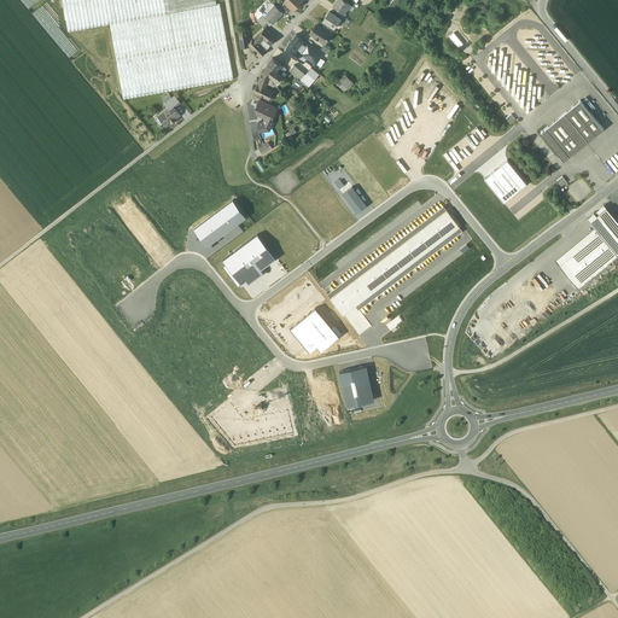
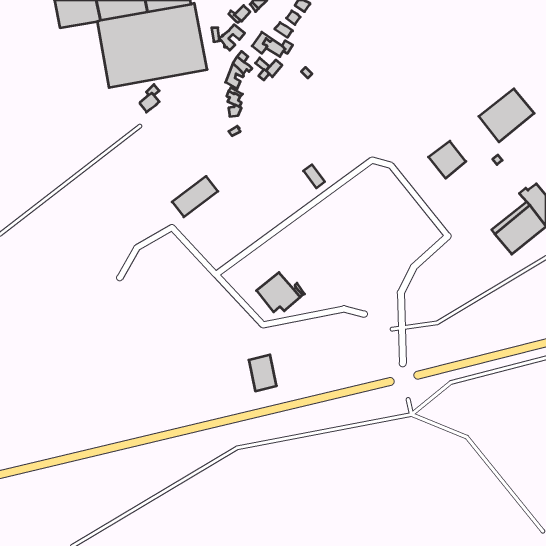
building: [331,210,459,314] -> none
building: [223,234,276,284] -> none
building: [339,366,371,407] -> [249,355,277,391]

